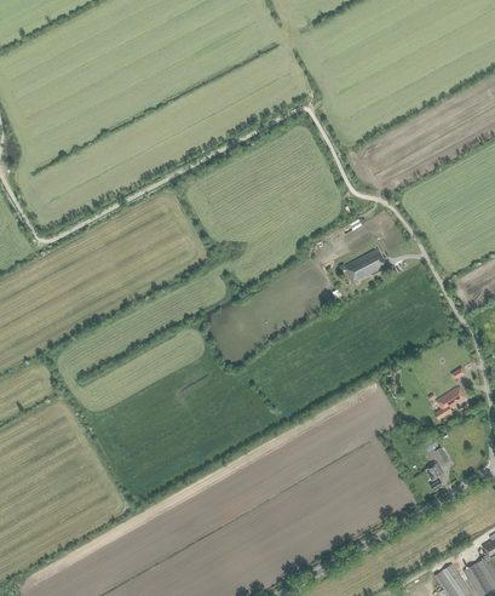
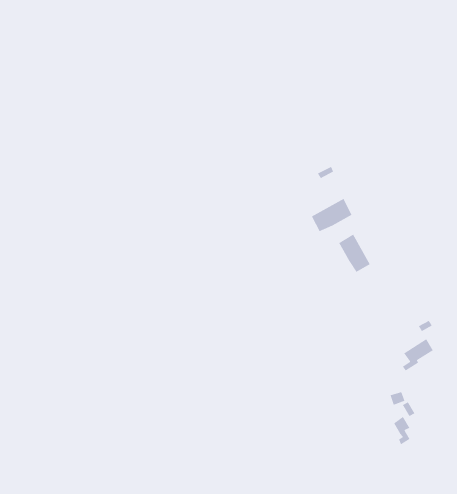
building: none -> [338,233,371,273]

